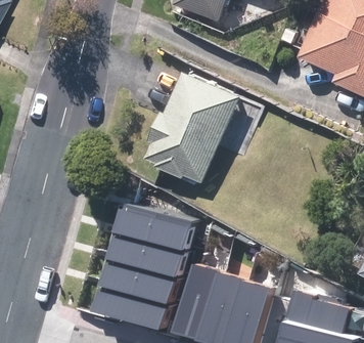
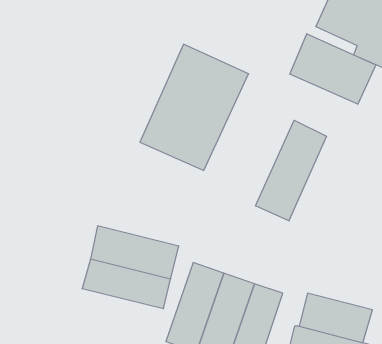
building: none -> [290,34,376,104]
building: none -> [256,120,327,221]
building: [110,203,188,248] -> none
building: [91,285,168,329] -> none

